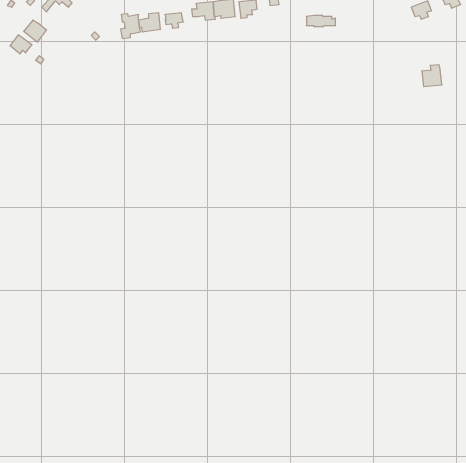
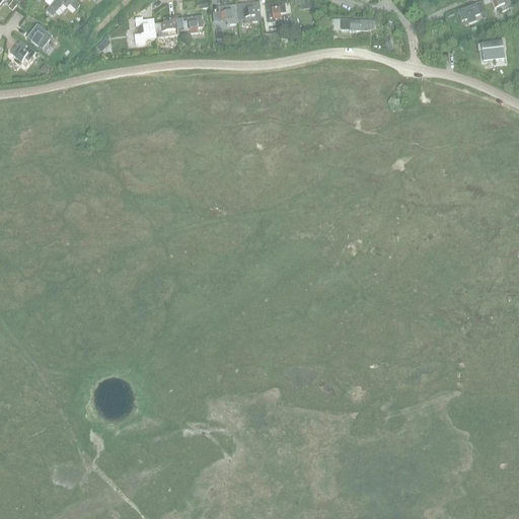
building: [422,65,442,87] -> [481,34,504,59]

